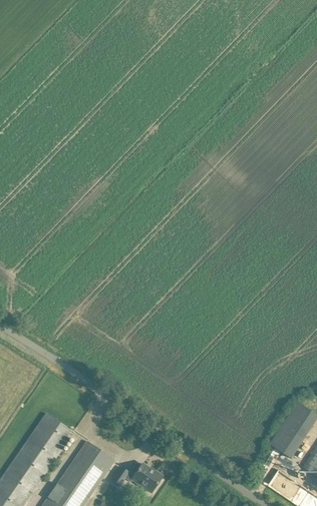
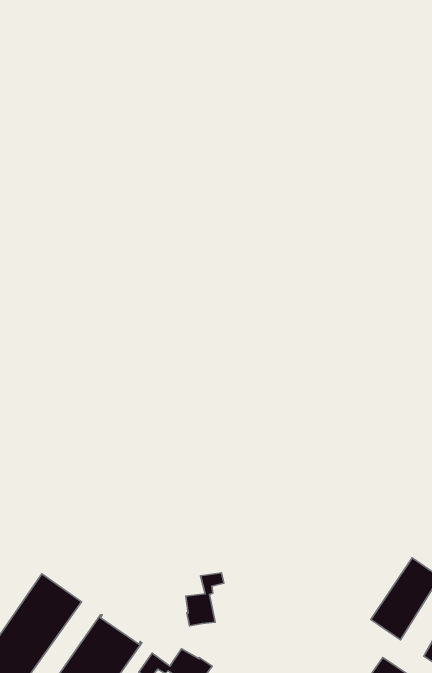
building: none -> [186,573,224,626]

